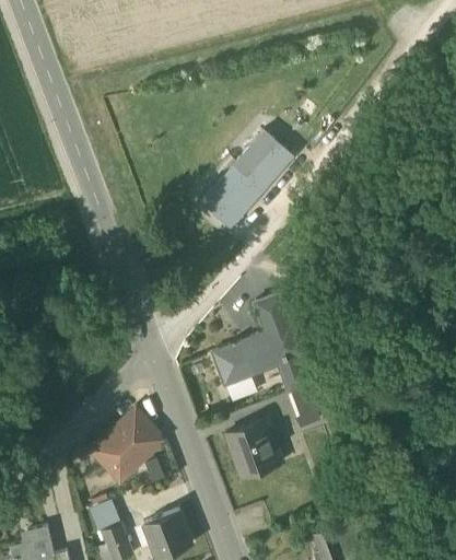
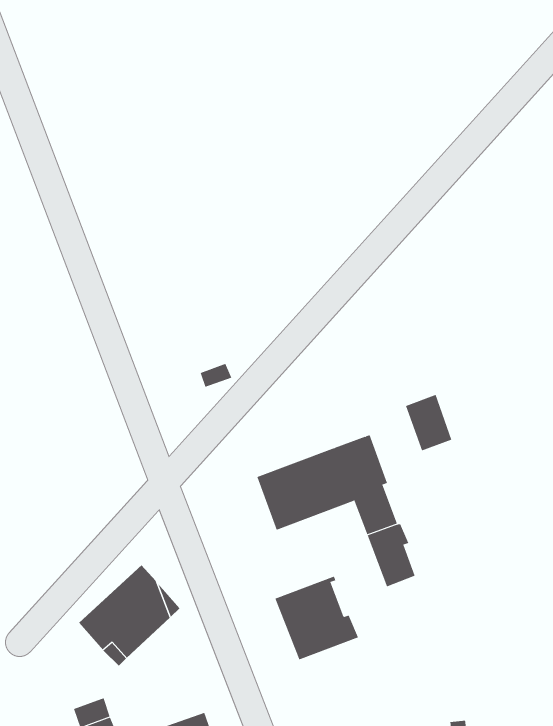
building: [201,131,293,228] -> none
building: [255,294,287,332] -> [405,394,452,451]

